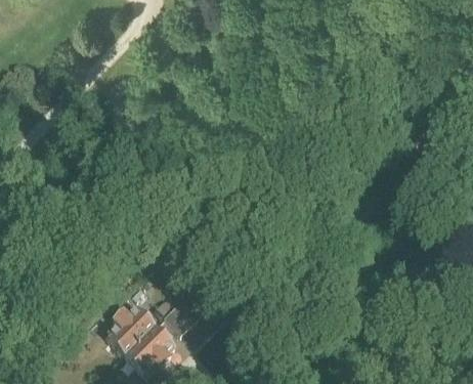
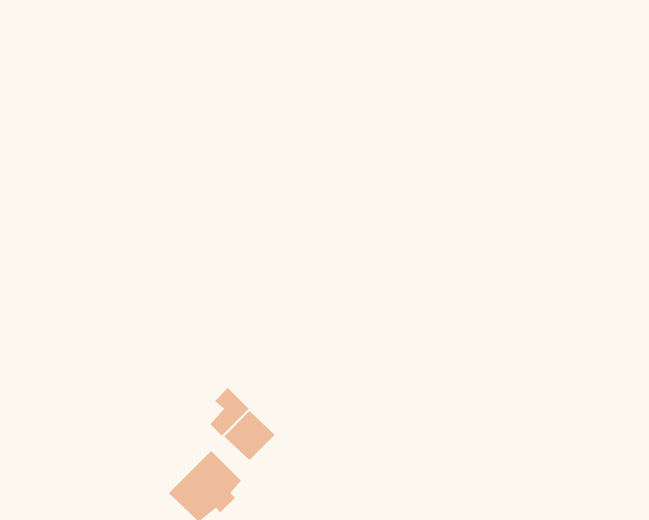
building: [106,304,148,353] -> none

